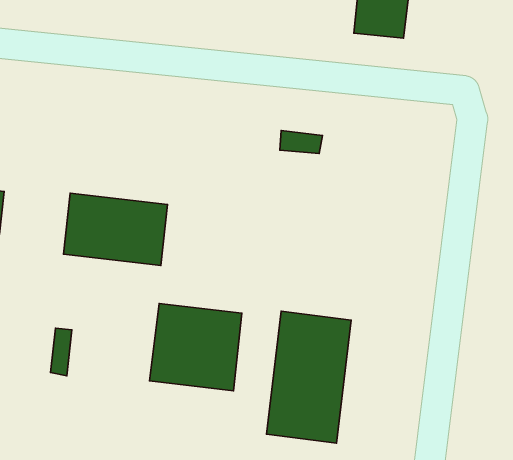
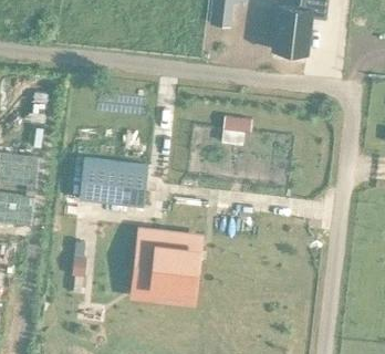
building: [267,311,351,443] -> none

